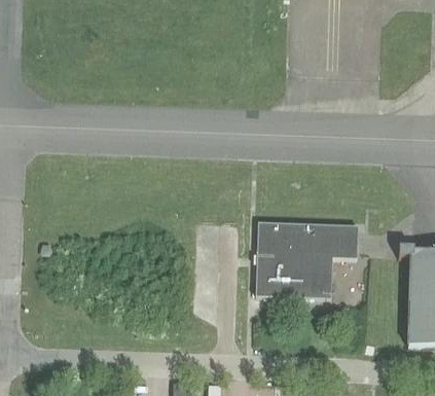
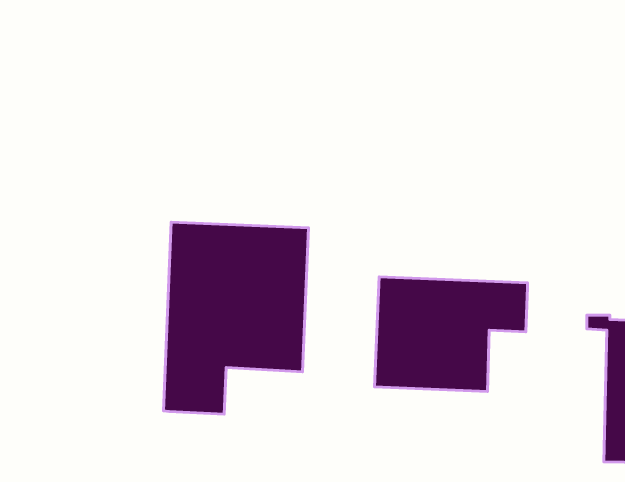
building: none -> [163,222,308,414]

